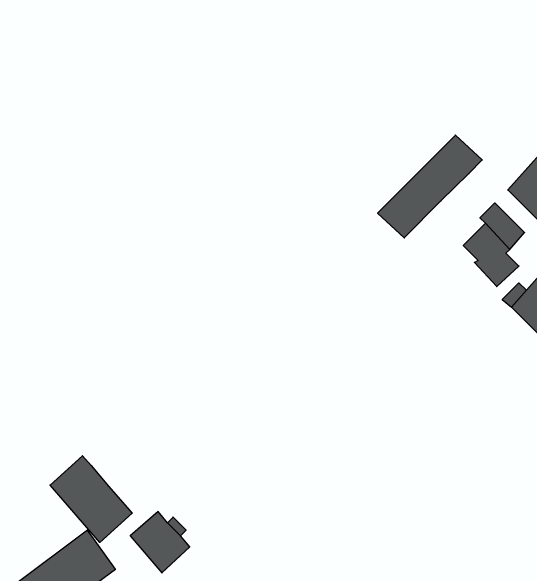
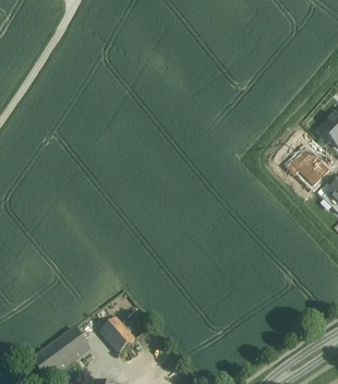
building: [378,135,482,238] -> none
building: [50,456,132,542] -> none

